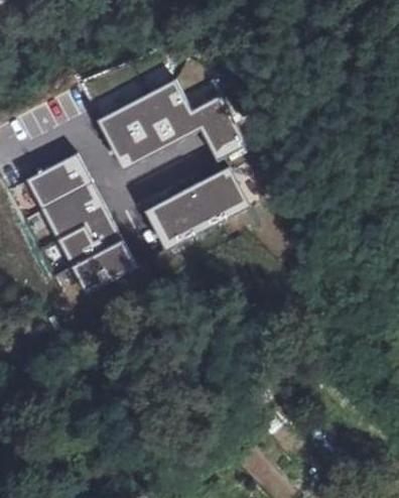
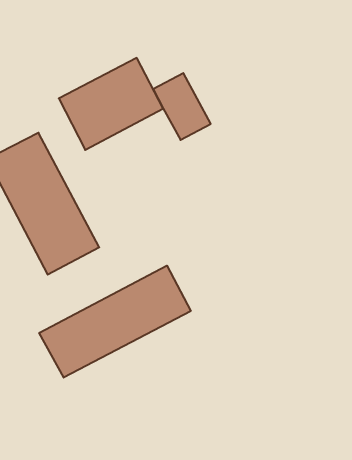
building: [143,165,250,251] -> none
building: none -> [39,266,191,378]

